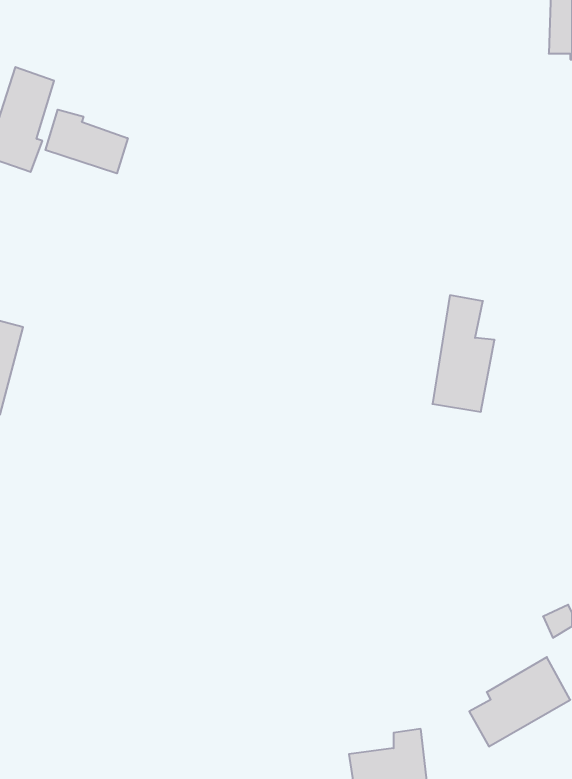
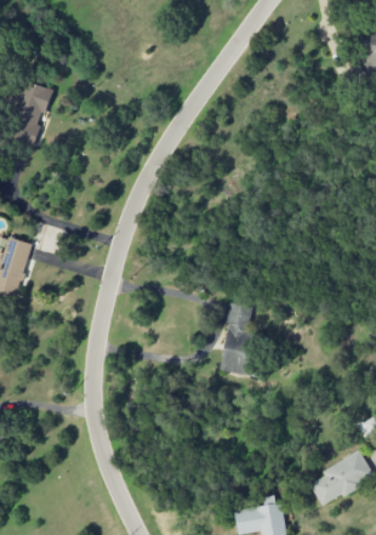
building: [45,110,128,173] -> none
building: [432,295,495,412] -> [220,303,258,376]

